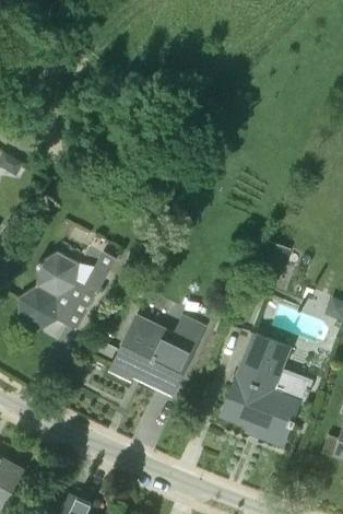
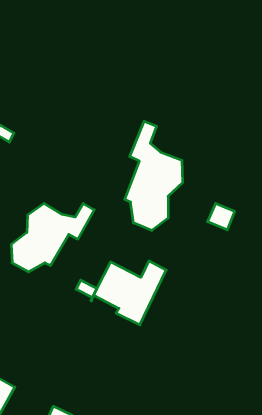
building: none -> [125,121,182,231]
building: [222,336,299,445] -> none

